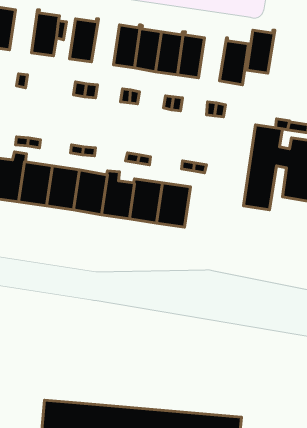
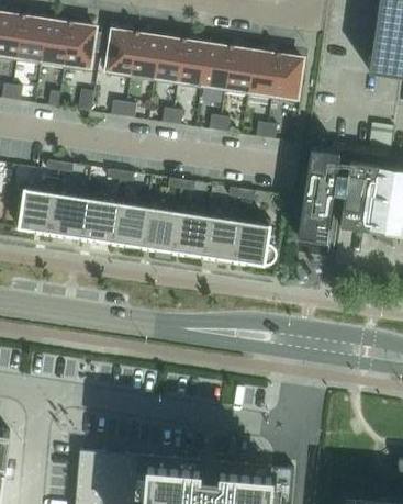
building: none -> [40,21,70,68]
building: none -> [130,31,160,81]
building: [247,30,275,73] -> [247,52,278,99]
building: none -> [232,215,276,265]

